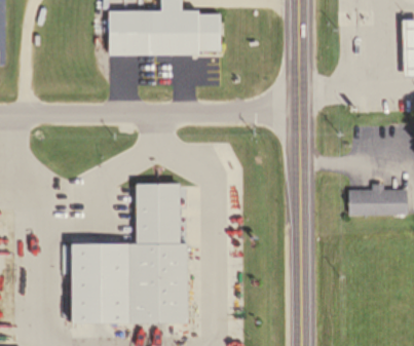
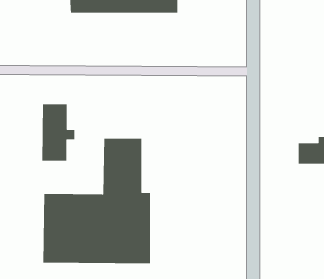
building: none -> [42,103,75,162]

